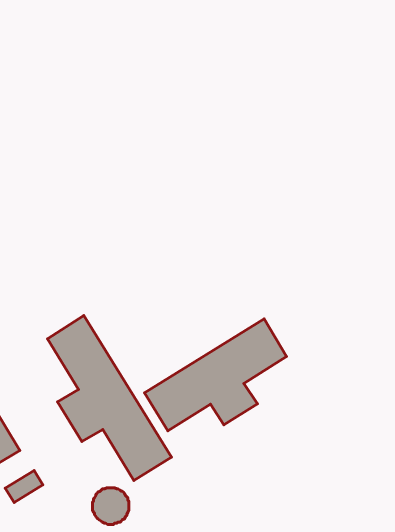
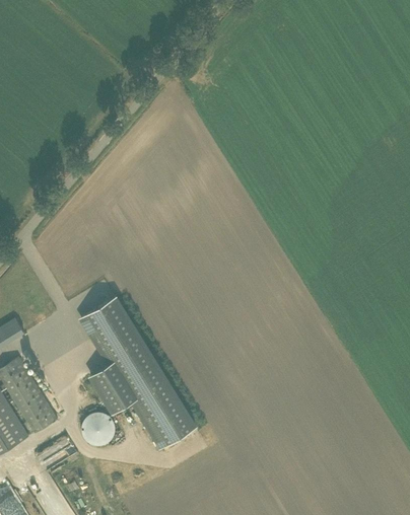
building: [144,319,287,431] -> none
building: [92,488,129,524] -> [82,413,116,446]

